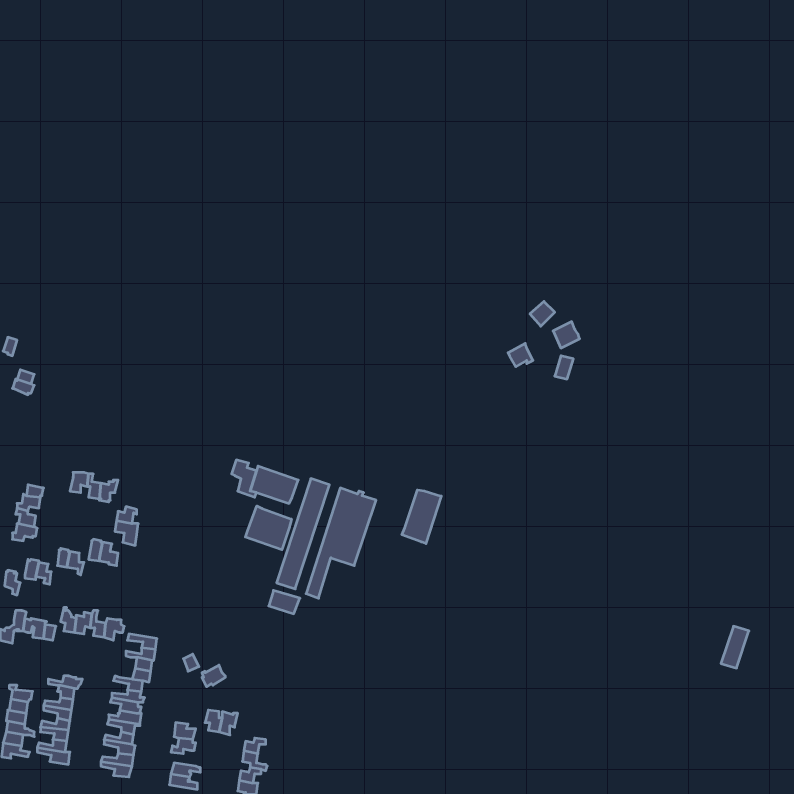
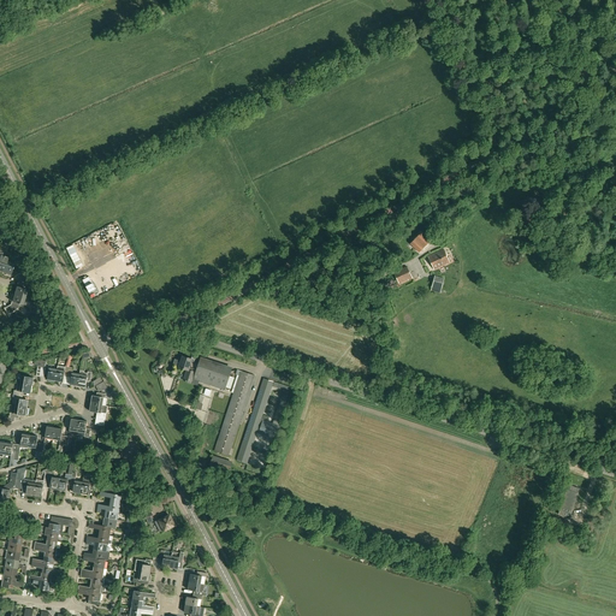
building: [402,490,441,544] -> none
building: [245,506,291,550] -> none

